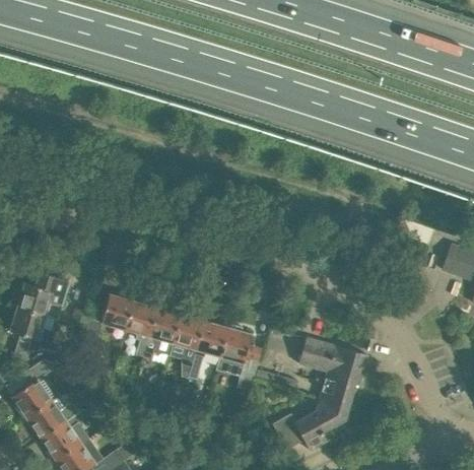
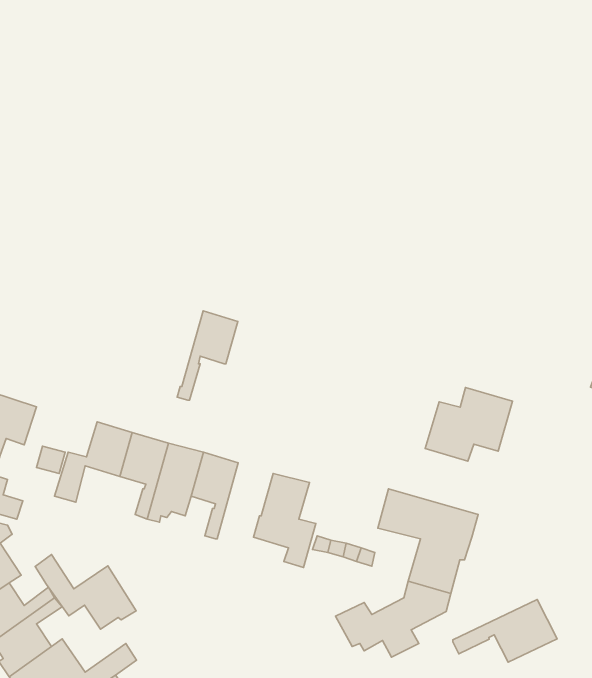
building: none -> [425,388,512,461]
building: [189,320,229,380] -> [177,311,238,400]
building: none -> [35,555,136,629]
building: none -> [453,599,557,662]

